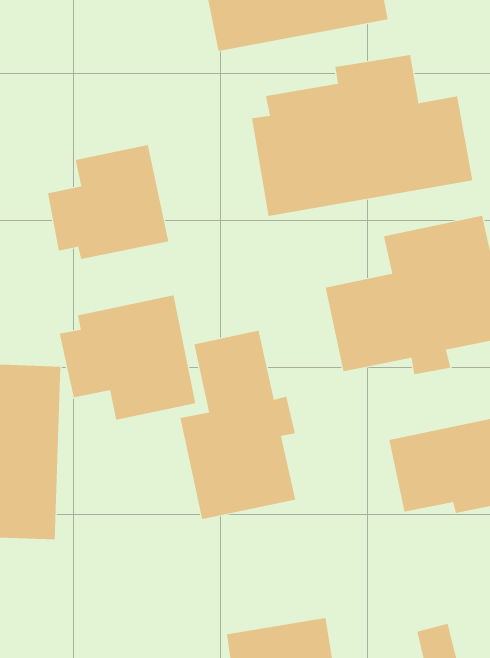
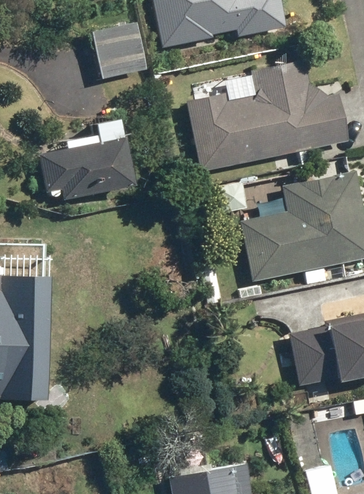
building: none -> [91,19,146,79]
building: [59,295,196,420] -> none
building: [180,330,296,520] -> none

